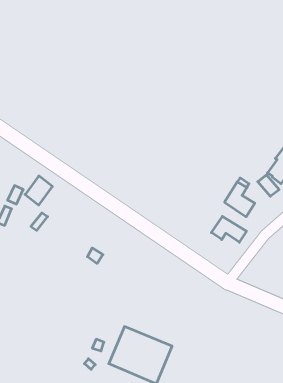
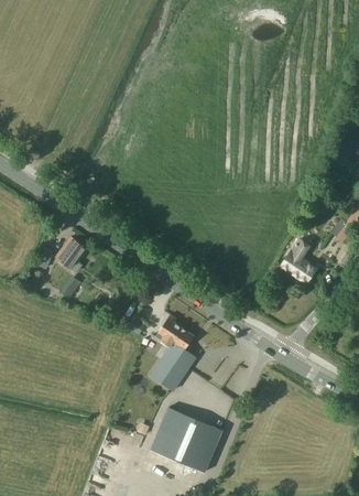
building: [211,216,246,242] -> none
building: none -> [150,314,196,390]

